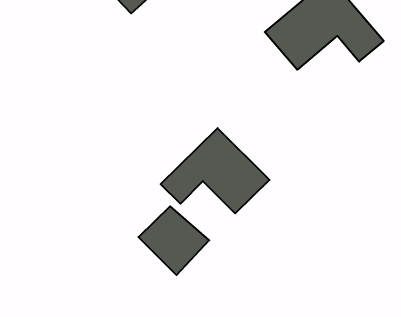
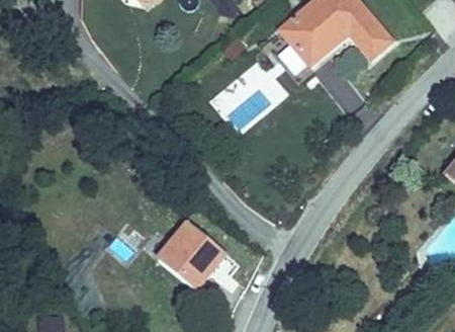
building: [161,128,270,213] -> none

